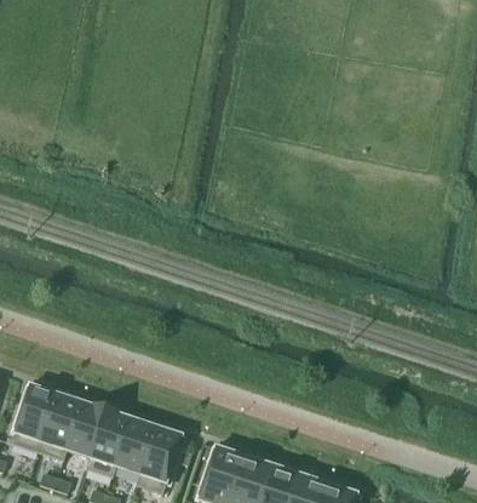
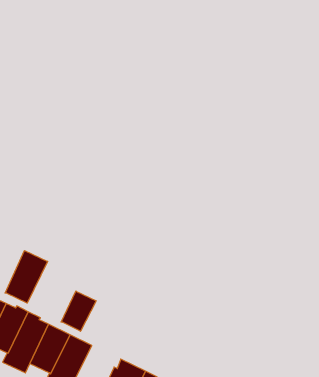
building: none -> [5,251,48,303]
building: none -> [61,291,96,331]

